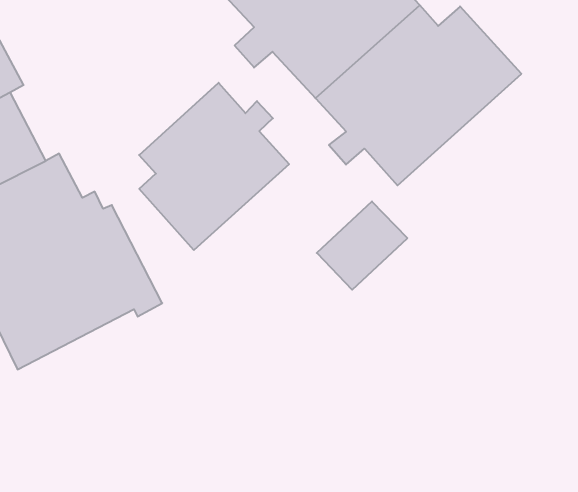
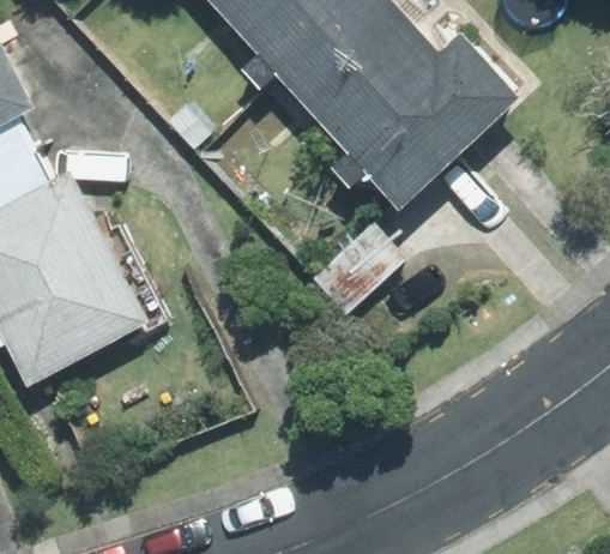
building: [139,83,289,250] -> none

